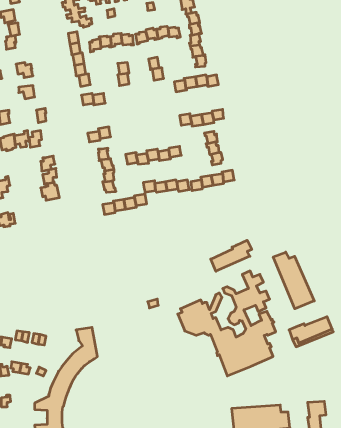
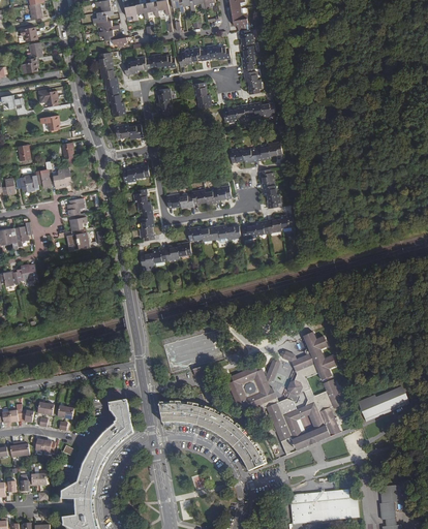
building: [211,240,252,271] -> none
building: [273,252,314,309] -> none
building: none -> [159,401,268,471]

